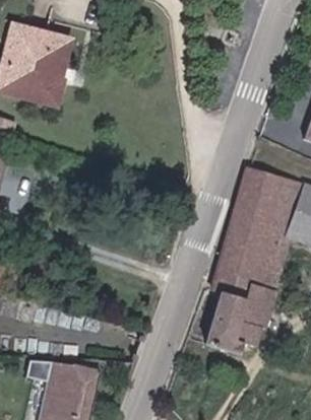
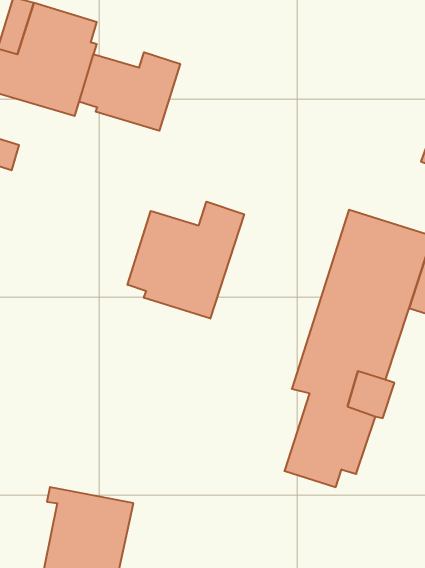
building: none -> [79,52,180,131]
building: none -> [128,202,244,319]

